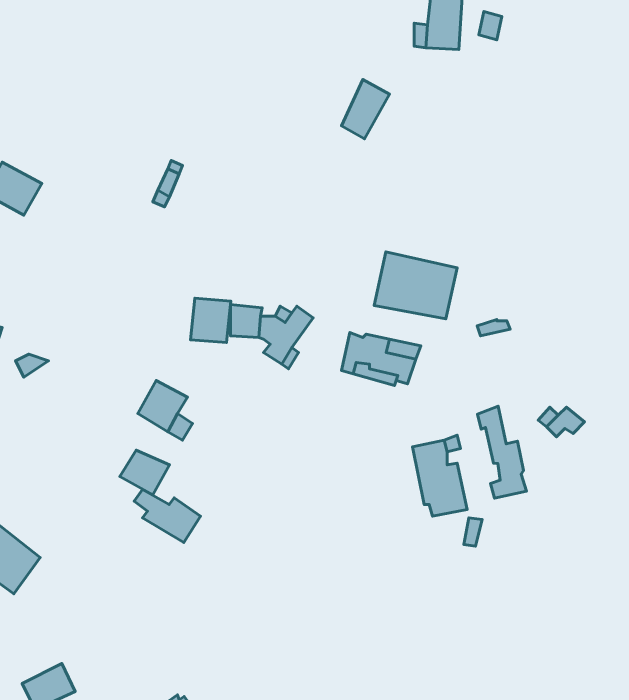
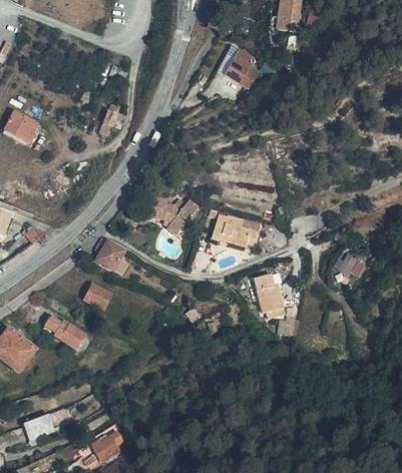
building: [374,252,457,319] -> none
building: [190,298,231,343] -> none
building: [477,406,526,498] -> none
building: [134,490,201,543] -> [43,315,83,347]

